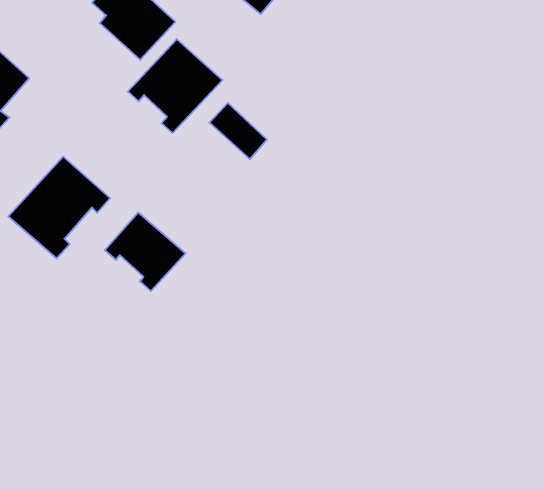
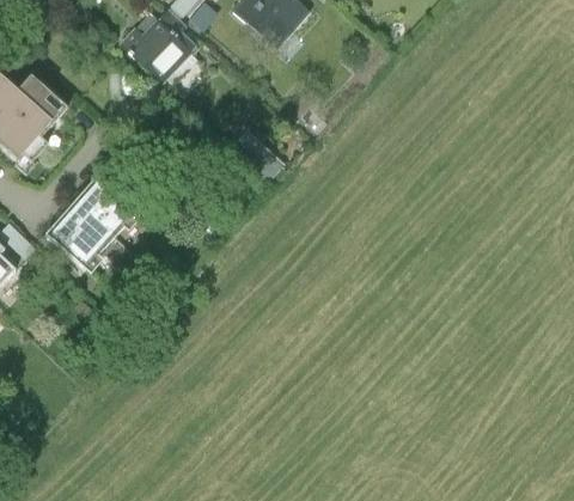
building: [128,39,223,133] -> none
building: [105,213,185,291] -> none

